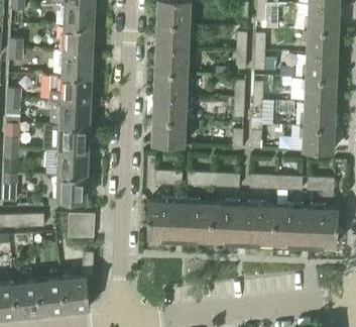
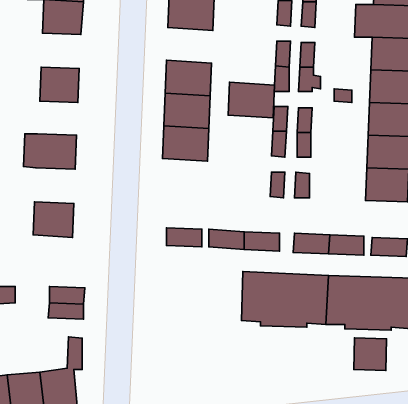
building: [155,22,190,48] -> [228,82,274,118]
building: [63,26,92,52] -> none
building: [48,76,90,102] -> none
building: [151,119,186,145] -> none
building: [49,126,88,152] -> none
building: [55,176,86,202] -> none
building: [147,201,212,241] -> none
building: none -> [354,338,387,370]

